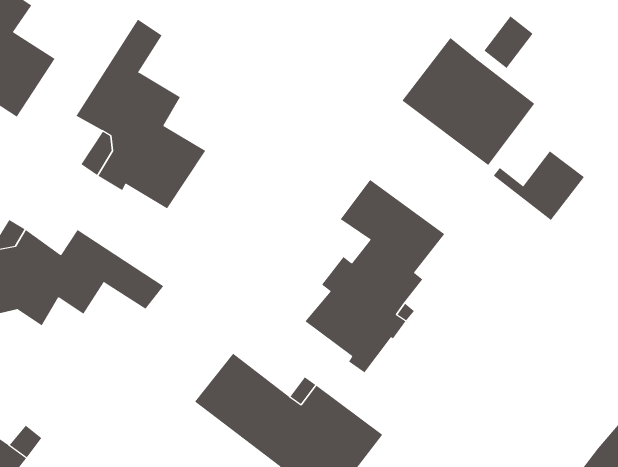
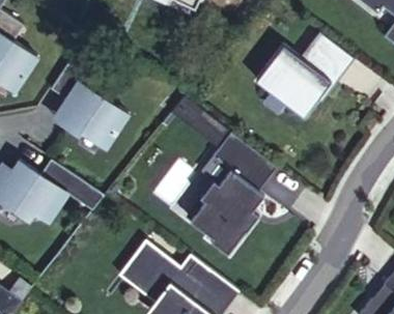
building: [493,150,585,221] -> [298,41,355,85]

